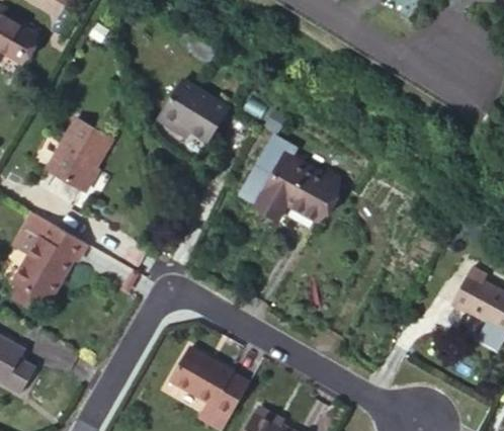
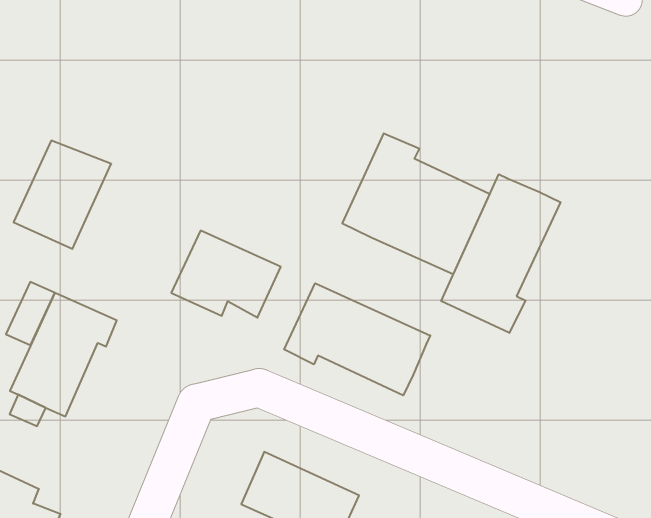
building: [153,84,227,146] -> [171,231,281,318]
building: none -> [441,174,560,333]
building: none -> [284,283,430,395]

